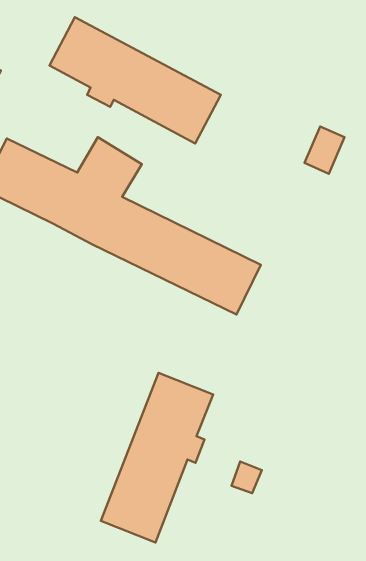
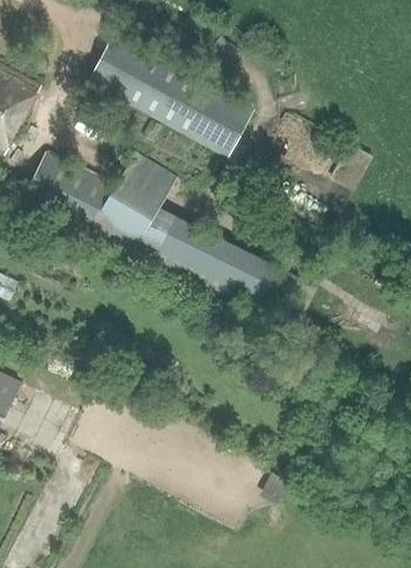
building: [101,373,213,542] -> none

